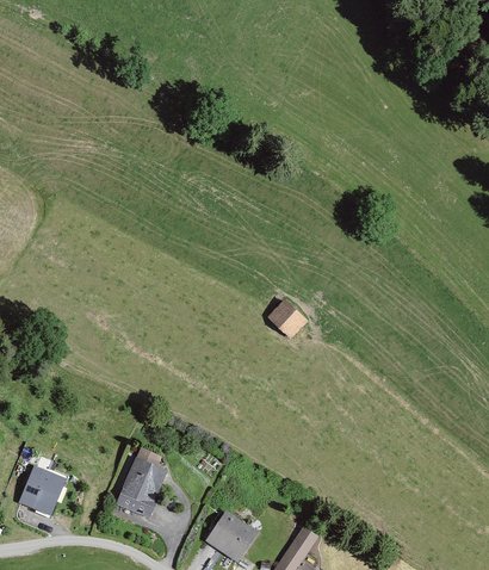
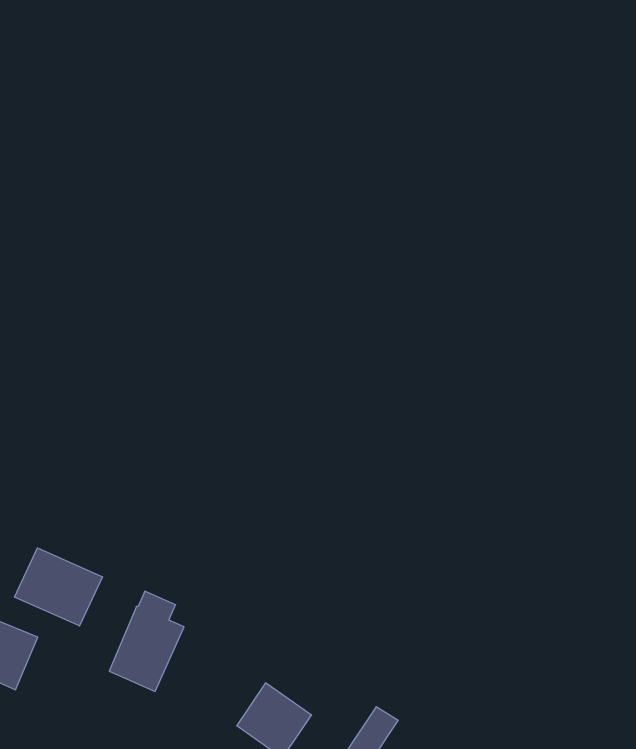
building: [266,301,308,340] -> none
building: none -> [14,548,102,626]

